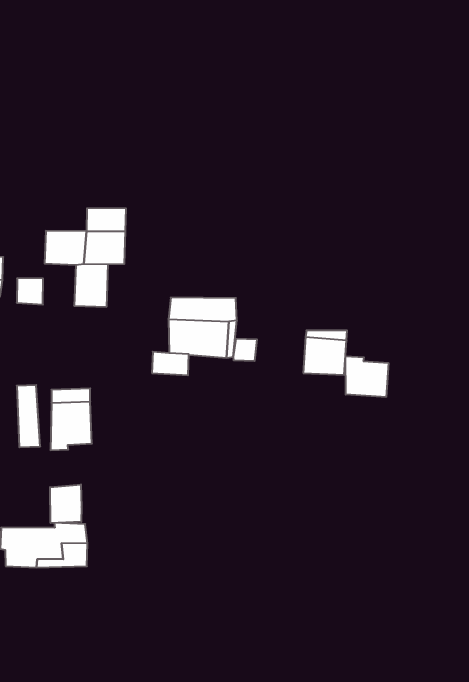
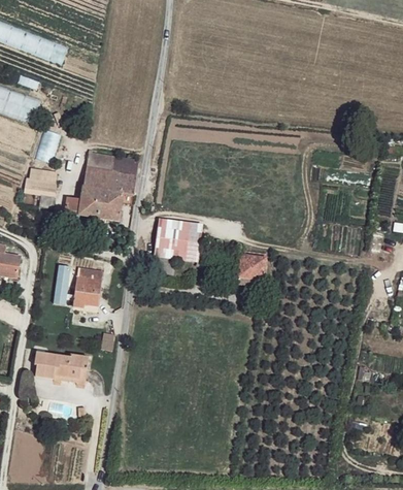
building: none -> [86,149,113,170]
building: none -> [78,188,102,217]
building: [345,356,388,397] -> none
building: [50,484,81,523] -> none

